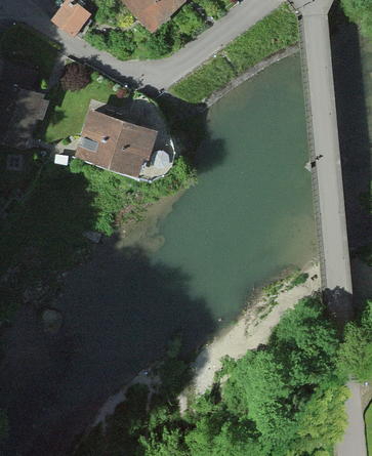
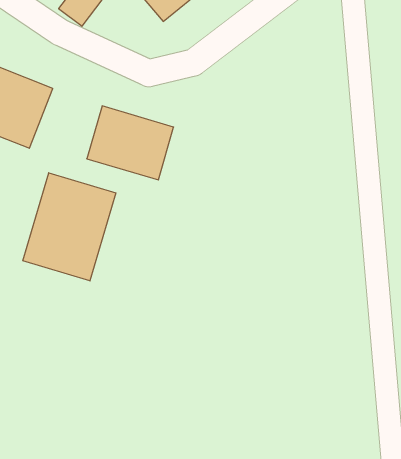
building: none -> [23,173,116,281]

